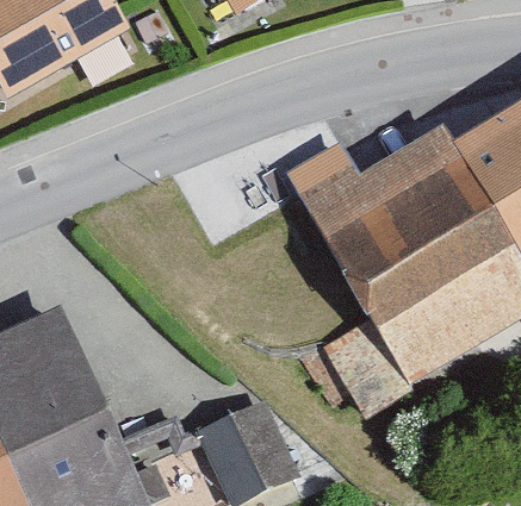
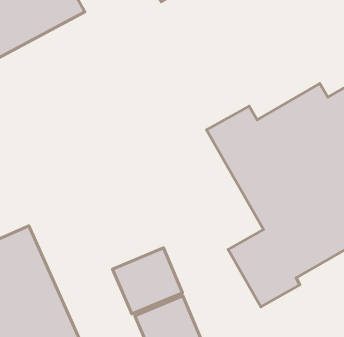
building: none -> [112,248,183,314]

